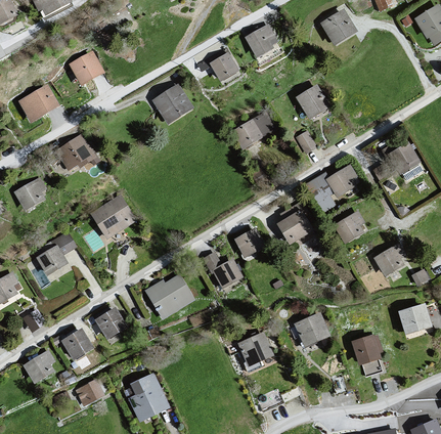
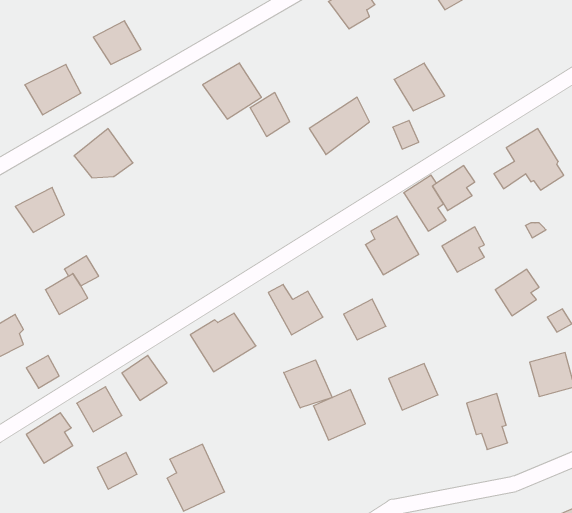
building: [212,53,241,86] -> [250,93,290,136]
building: [88,198,135,242] -> none
building: [231,226,263,257] -> [344,299,386,340]
building: none -> [284,360,332,408]

